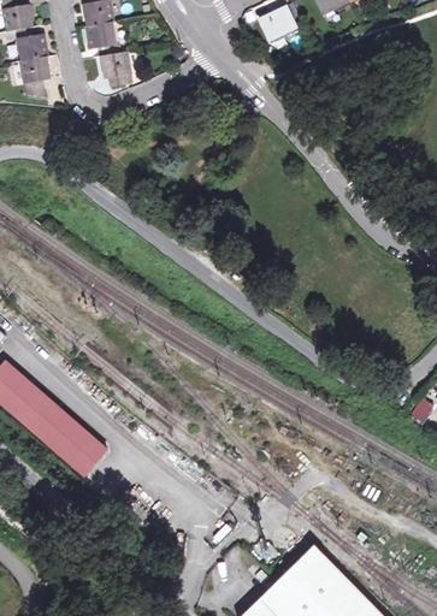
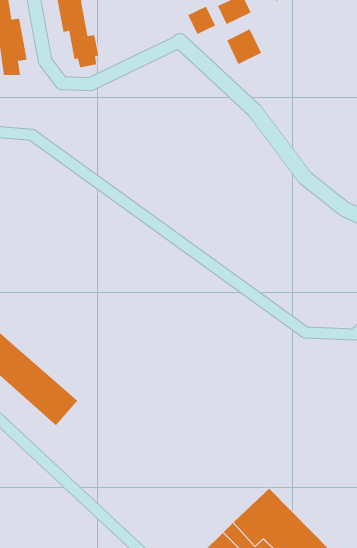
building: none -> [188,6,216,35]
building: none -> [226,29,262,65]

